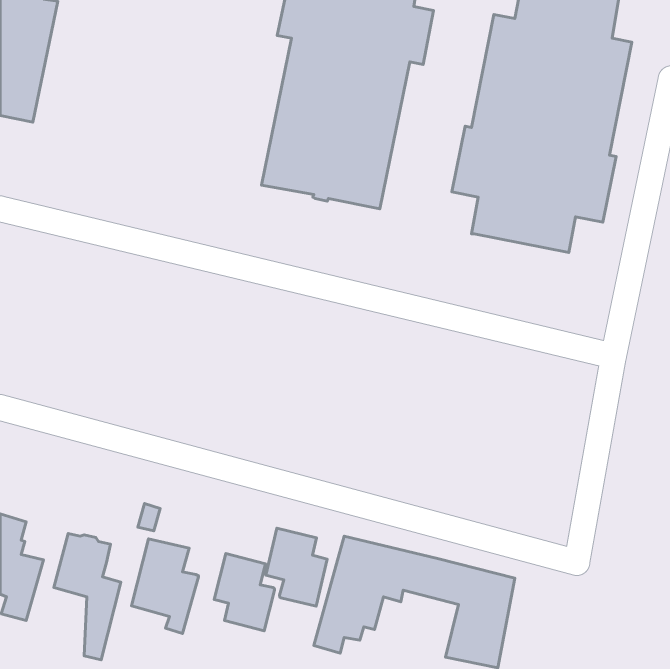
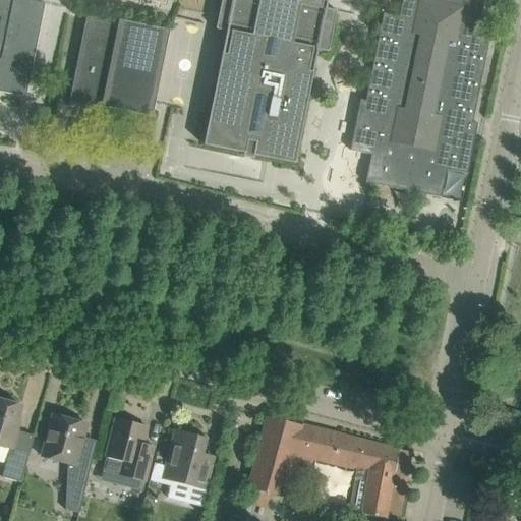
building: none -> [69,11,170,115]
building: [266,528,327,606] -> none

